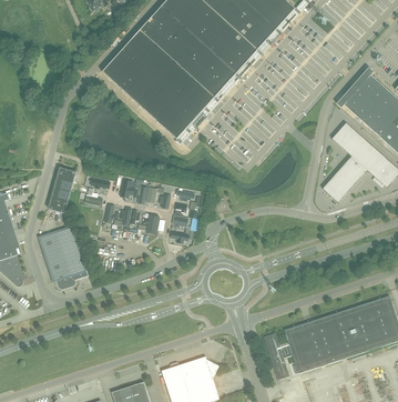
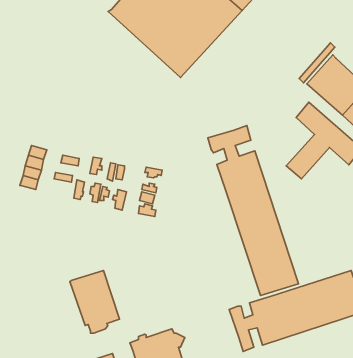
building: [101,29,213,138] -> none
building: none -> [208,126,299,295]
building: [37,224,88,289] -> [70,271,120,333]

